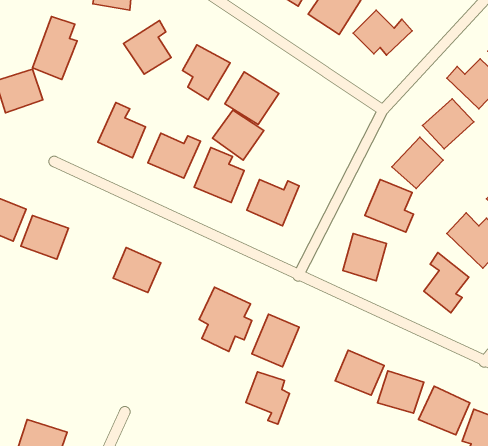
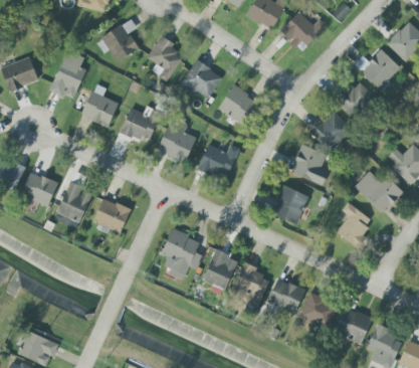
building: [32,17,77,79] -> [50,50,85,100]
building: [212,110,264,160] -> [217,85,257,125]
building: none -> [56,181,90,222]
building: [246,372,289,424] -> [233,263,267,305]

